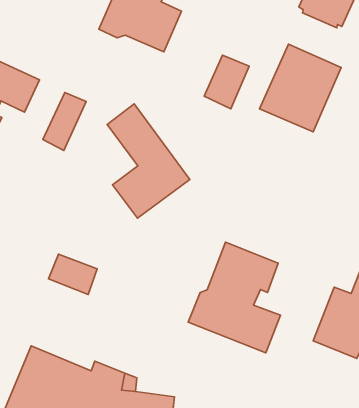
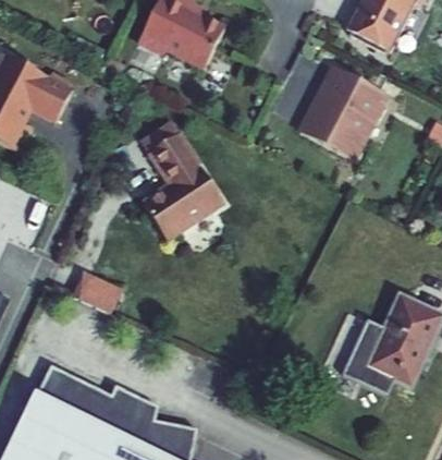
building: [204,55,249,109] -> none
building: [43,92,86,150] -> none
building: [188,242,280,353] -> none

